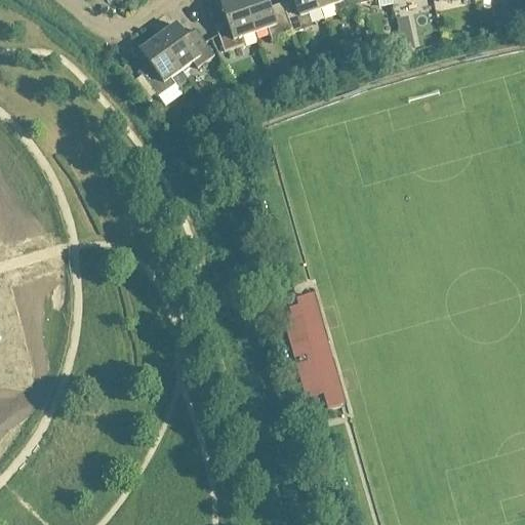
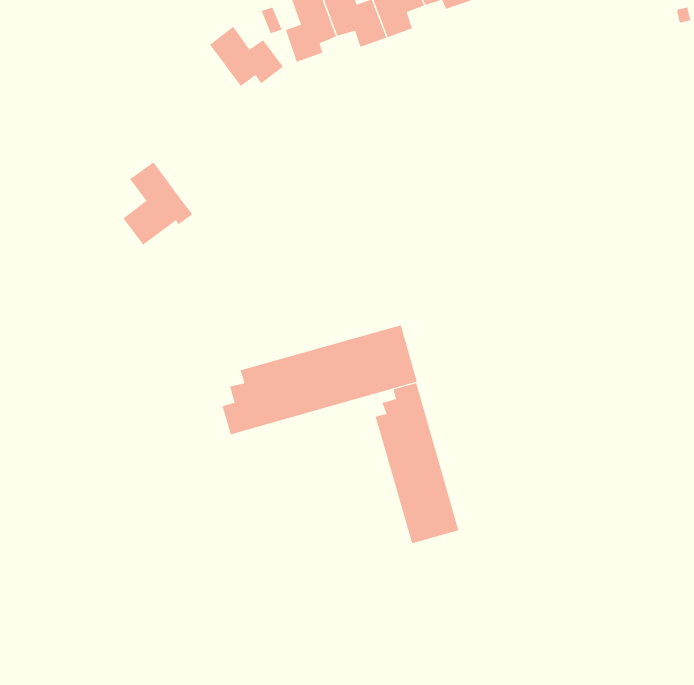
building: [134,34,188,97] -> [122,161,193,245]
building: none -> [222,324,417,435]

